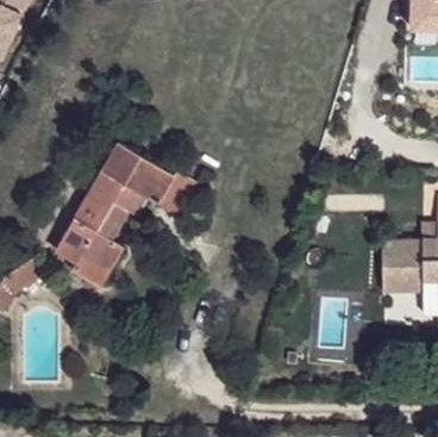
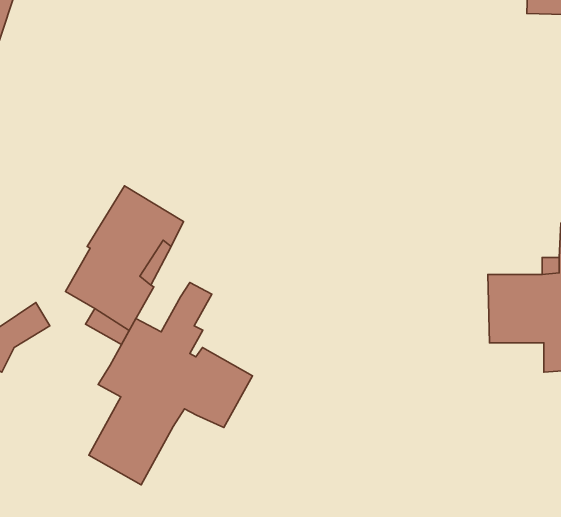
building: [101,137,195,213] -> none
building: none -> [89,283,252,485]

